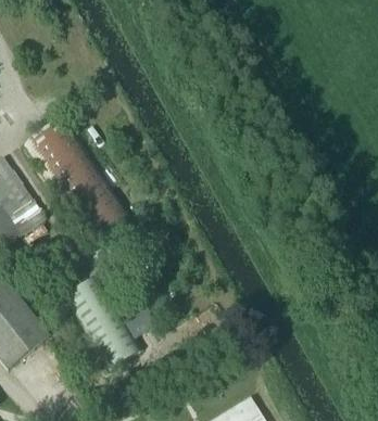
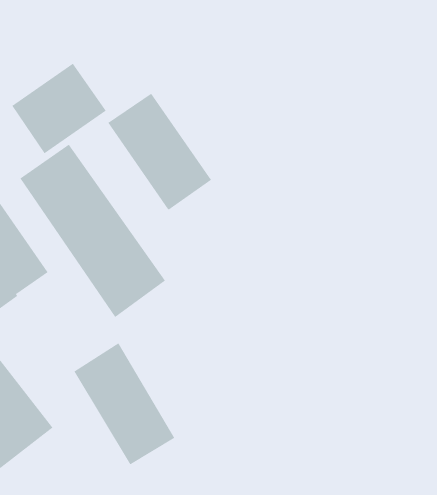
building: none -> [11,63,107,154]
building: none -> [107,93,212,211]

